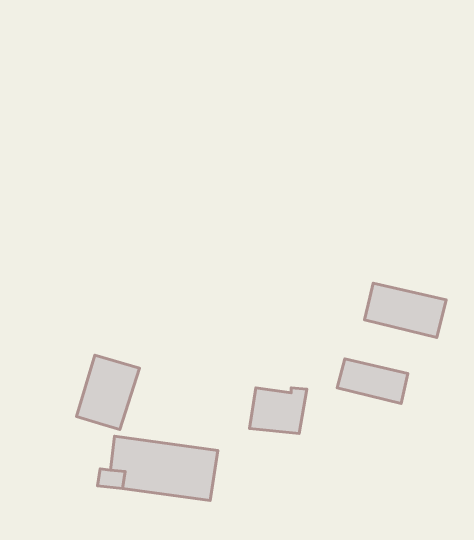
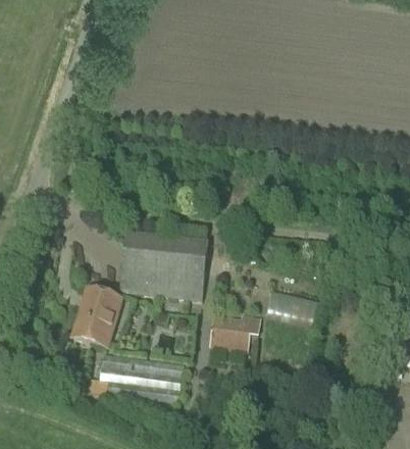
building: none -> [121,231,208,299]
building: [365,283,446,337] -> none

